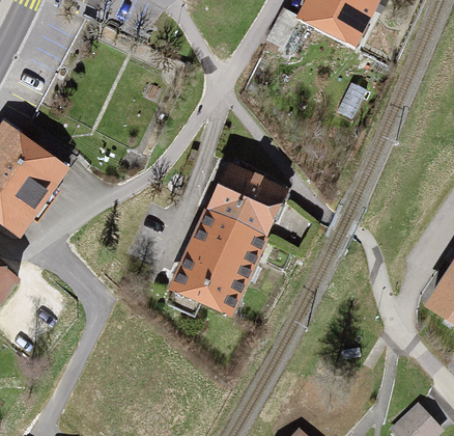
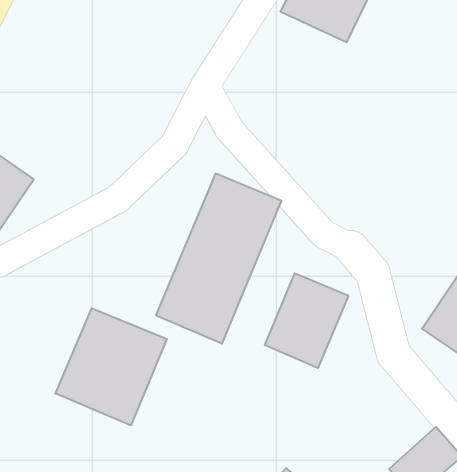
building: none -> [265,273,348,368]
building: none -> [55,308,167,425]

